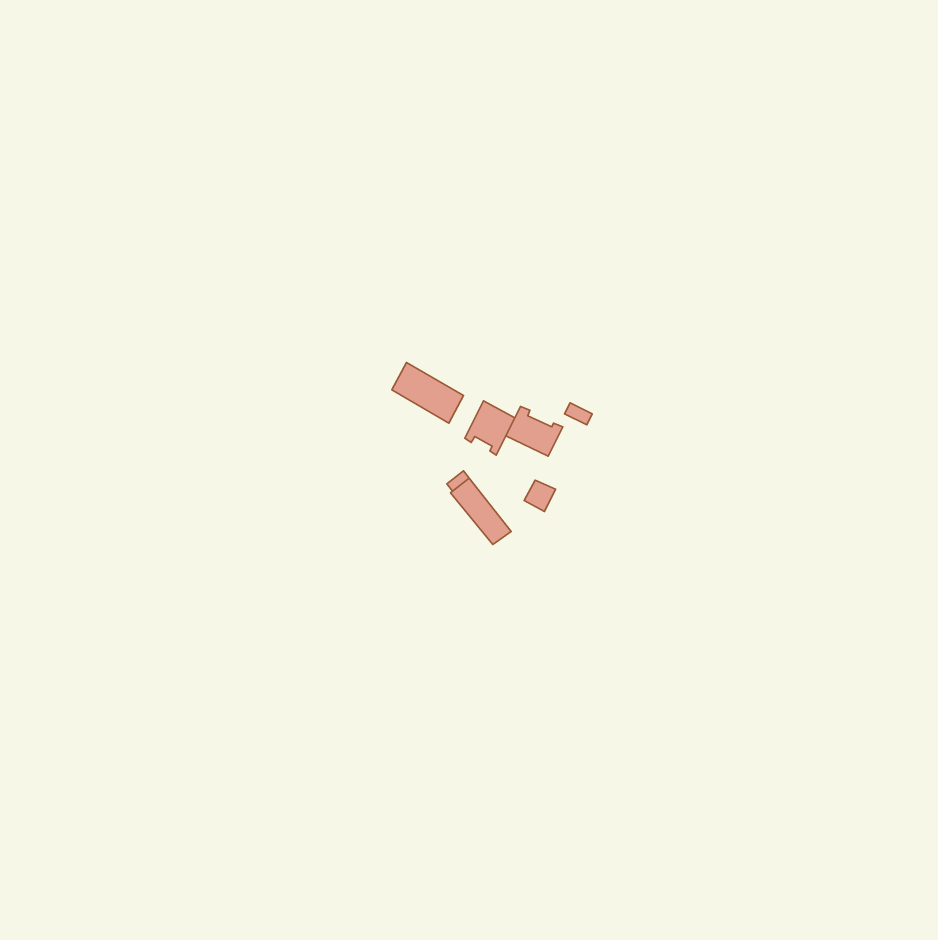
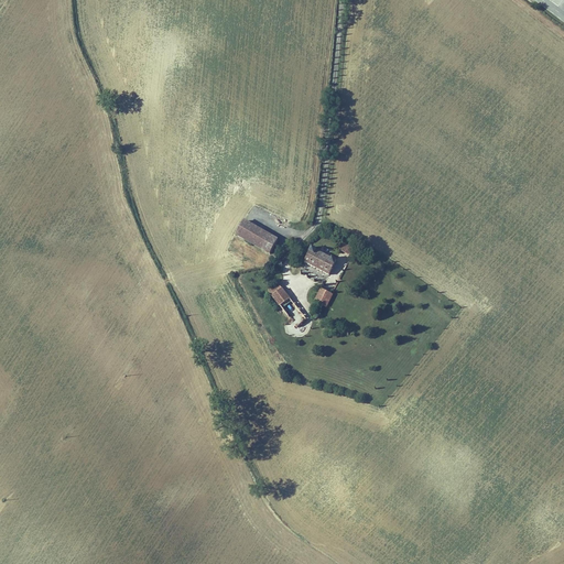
building: [465,401,515,455] -> none

